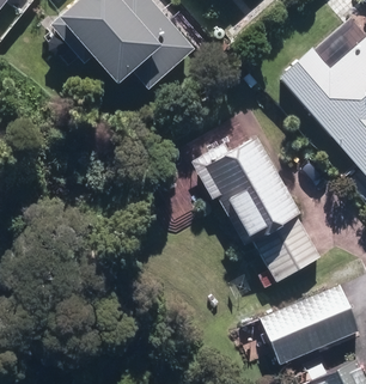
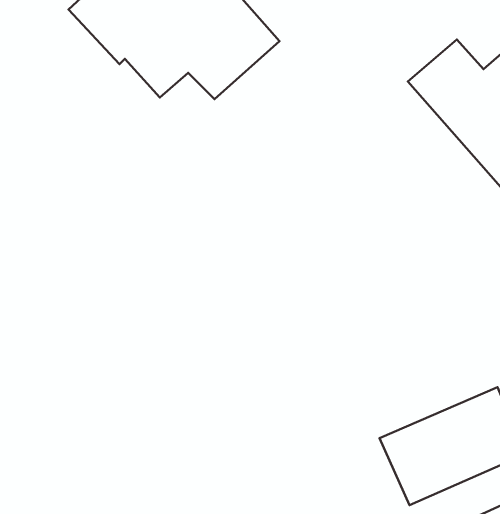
building: [201,135,322,281] -> none

